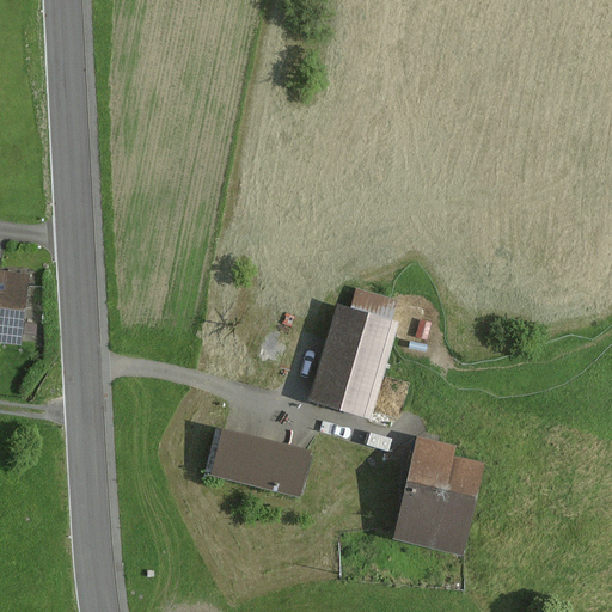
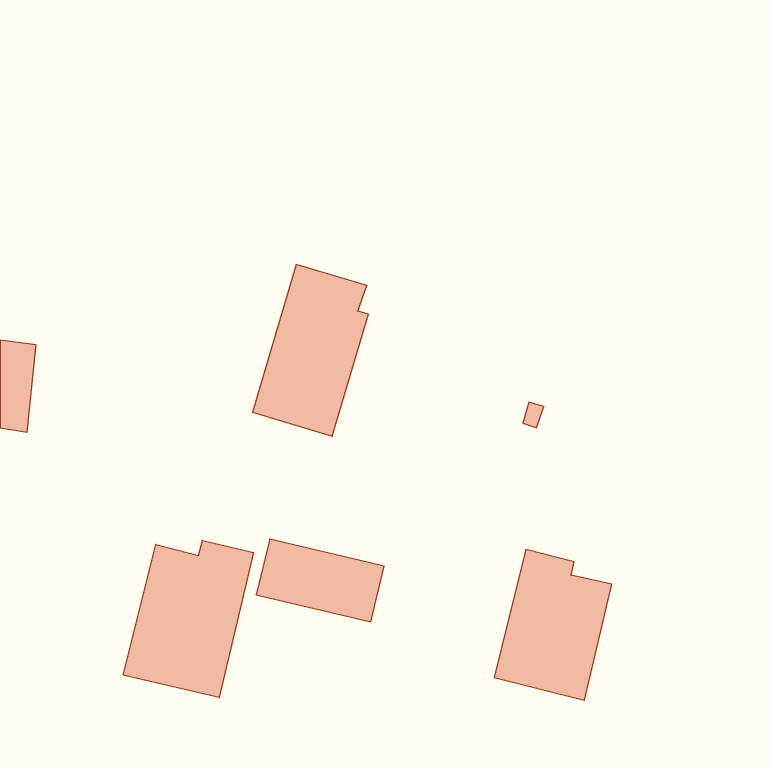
building: [307,283,399,420] -> [252,265,368,436]
building: none -> [123,540,254,698]

